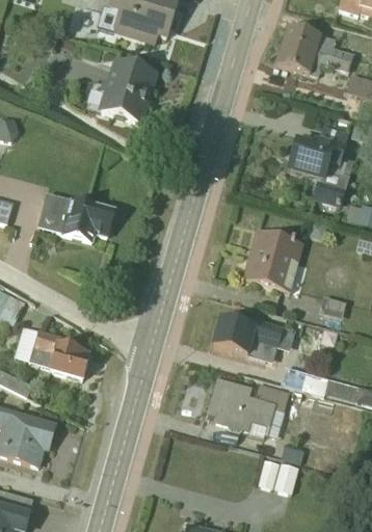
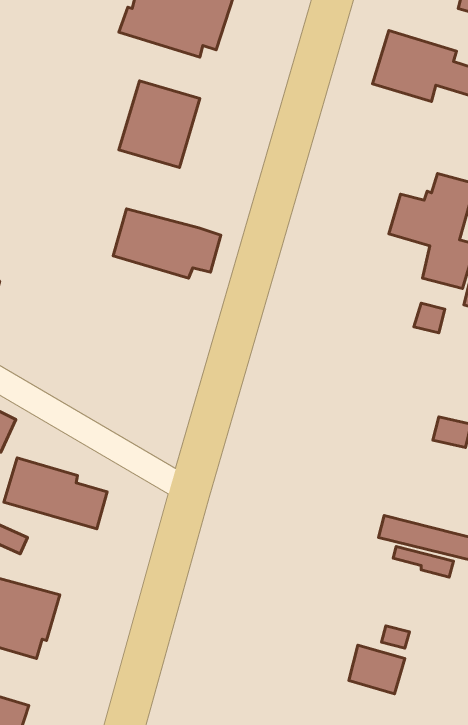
building: [38,191,114,240] -> [113,209,221,278]
building: [242,231,303,292] -> none
building: [212,316,294,363] -> none
building: [208,381,289,437] -> none

